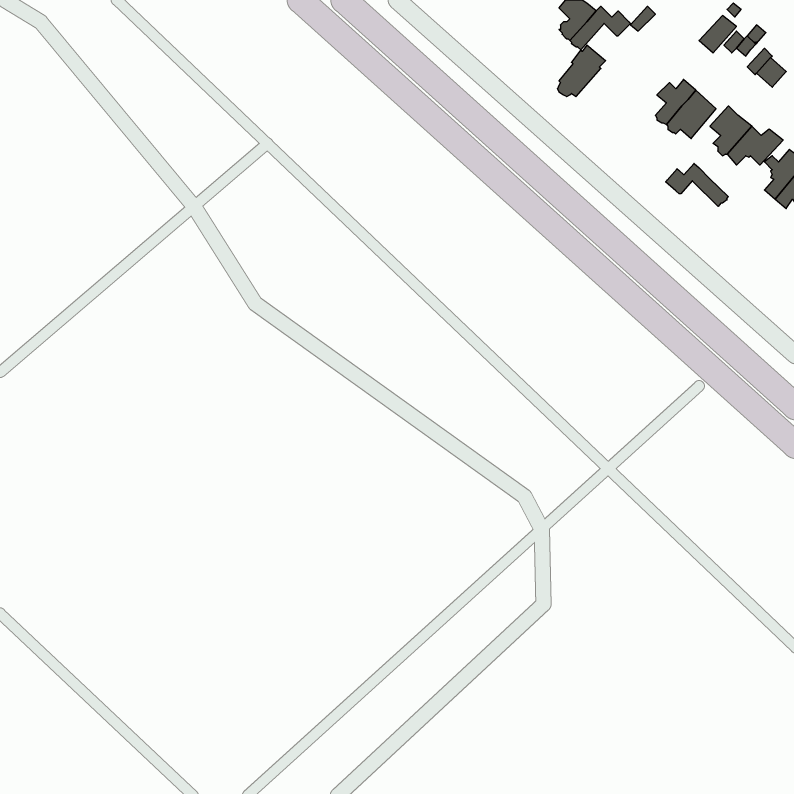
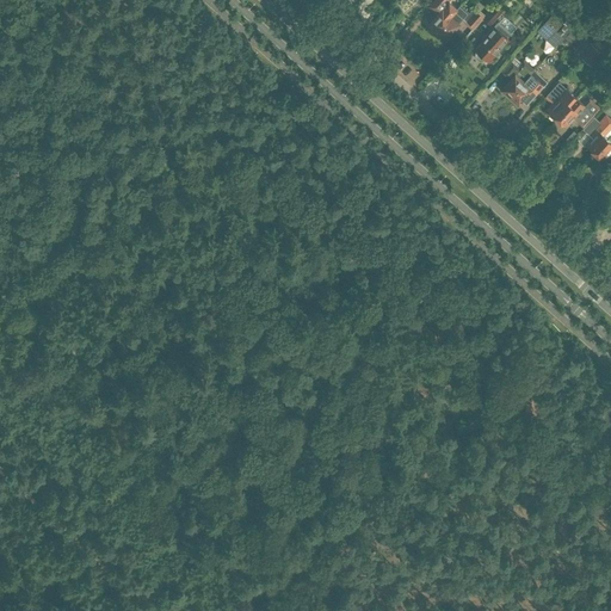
building: [557,45,606,97] -> [476,23,513,62]
building: [666,163,728,206] -> none

